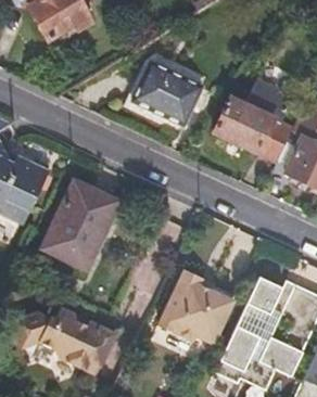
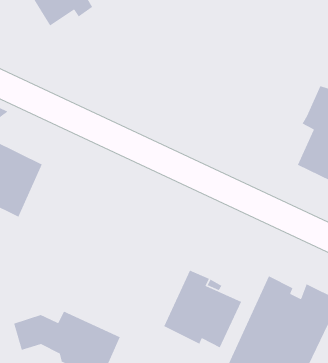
building: [132,63,199,124] -> none
building: [214,79,293,162] -> none
building: [41,179,116,269] -> none

